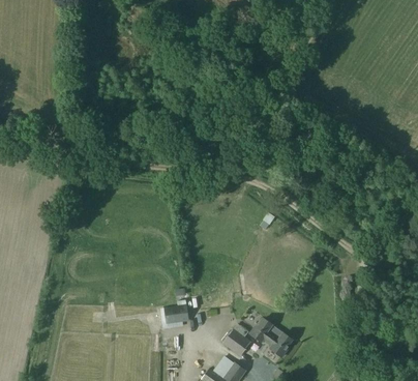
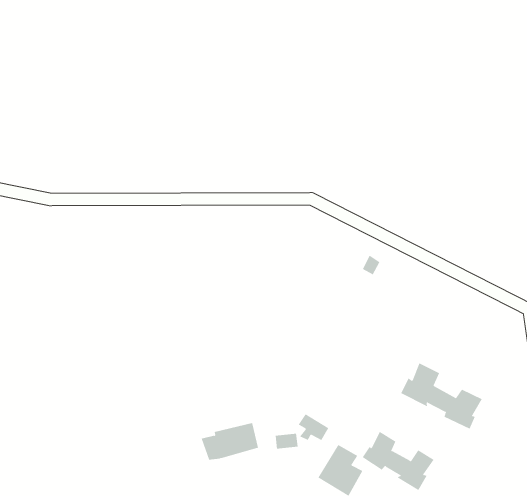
building: none -> [400,363,482,429]

